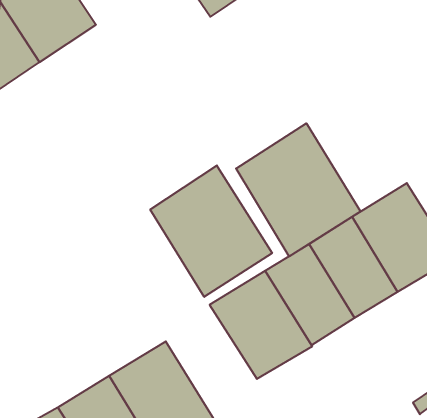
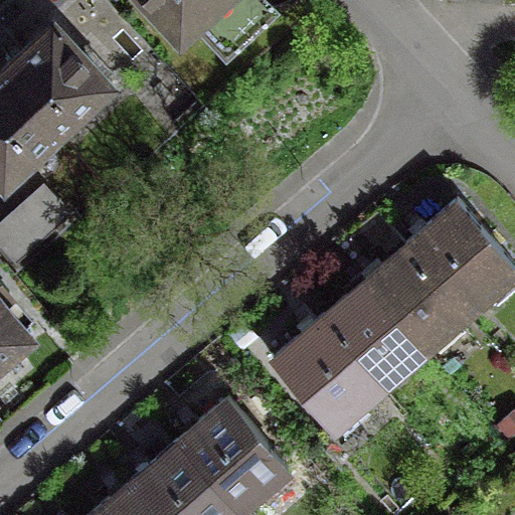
building: [236,123,360,256] -> none
building: [150,165,272,297] -> none

